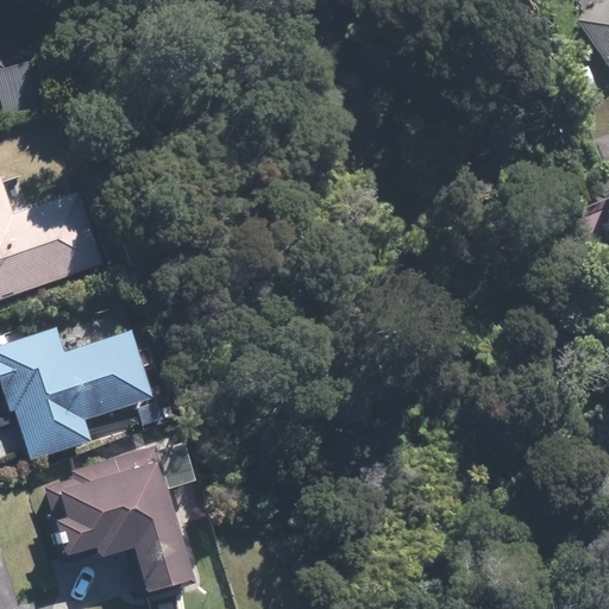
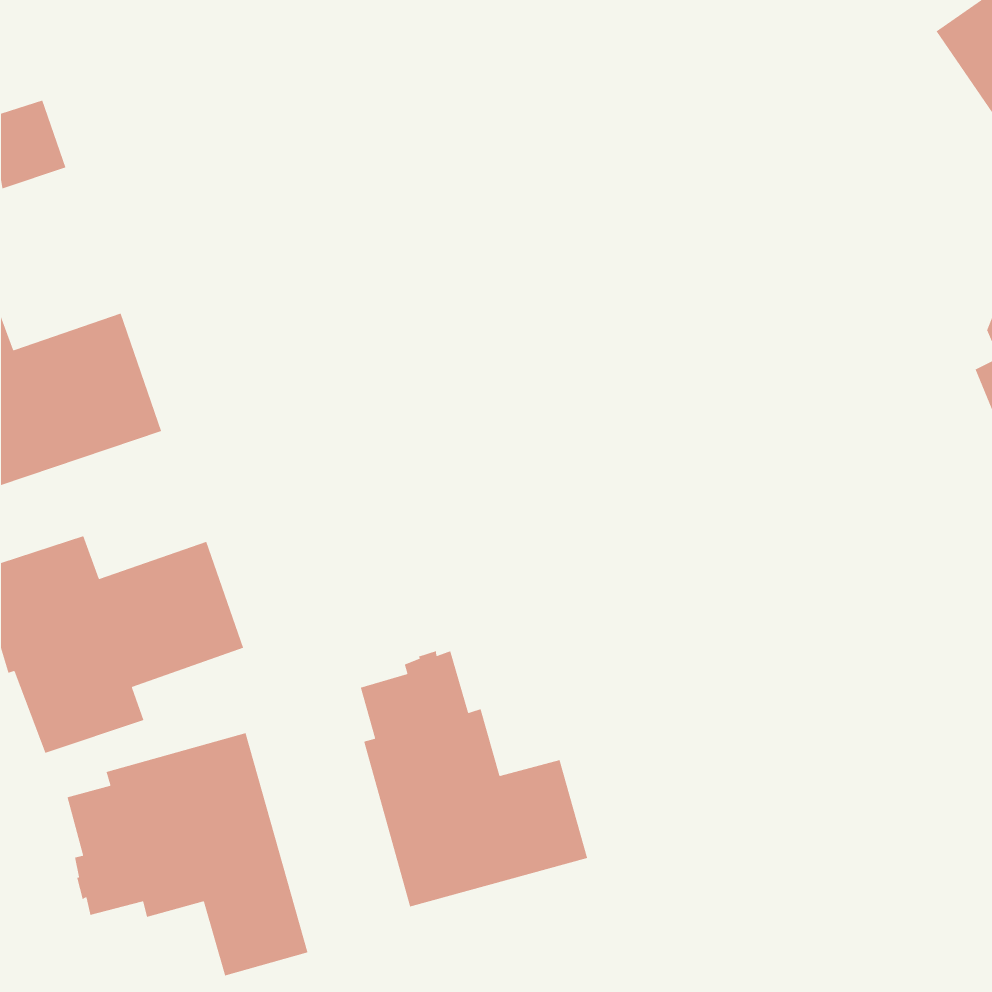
building: none -> [360,650,588,907]

